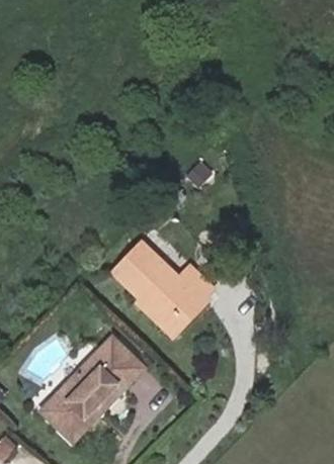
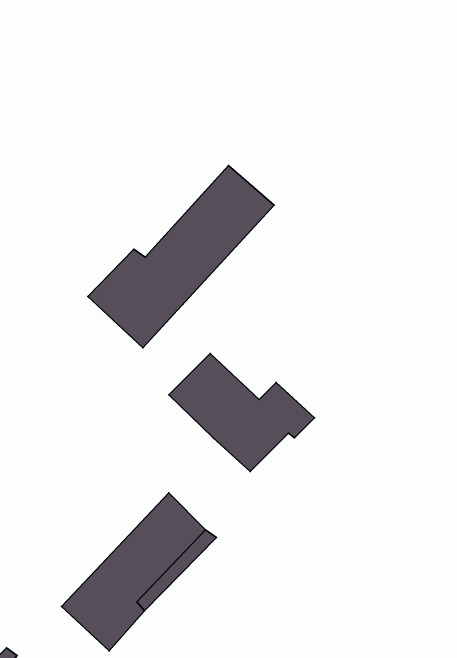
building: none -> [88,166,274,348]
building: [138,296,200,337] -> none

